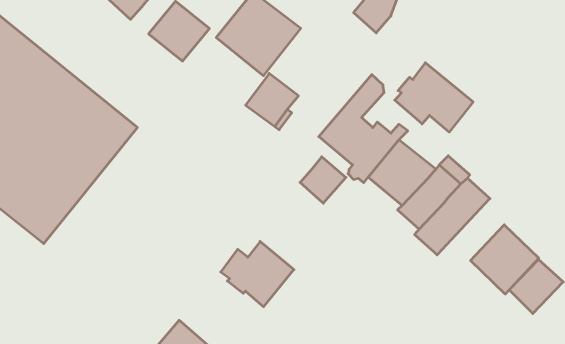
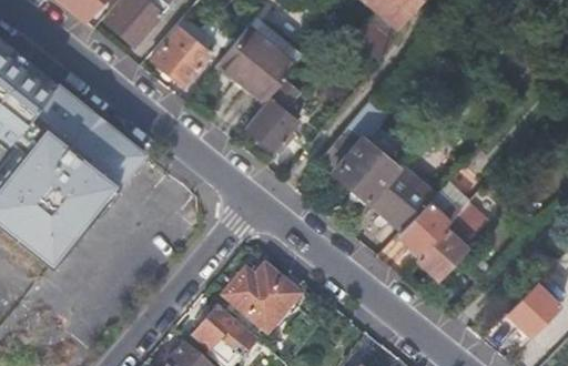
building: [395,63,473,132] -> none
building: [300,157,346,203] -> none
building: [471,225,539,294] -> none
building: none -> [191,303,256,356]

